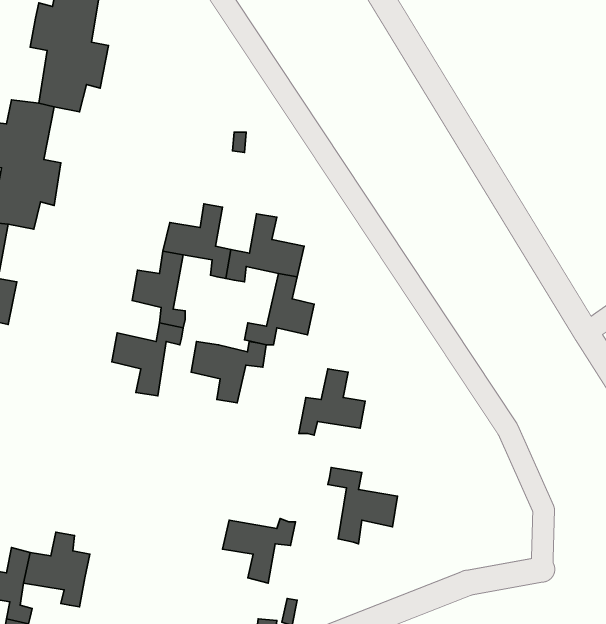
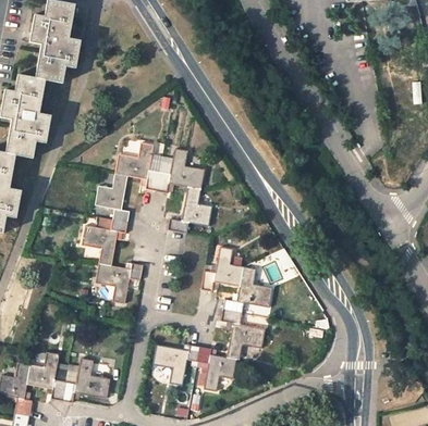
building: [191,341,266,403] -> [95,263,143,302]
building: none -> [223,268,273,314]
building: none -> [197,346,237,390]
building: none -> [62,359,109,402]

